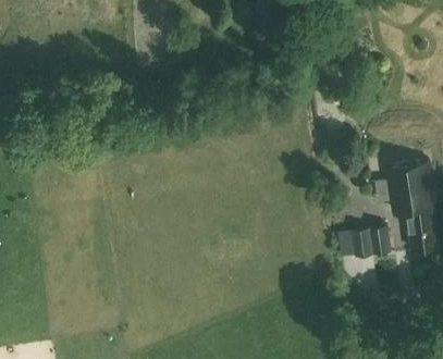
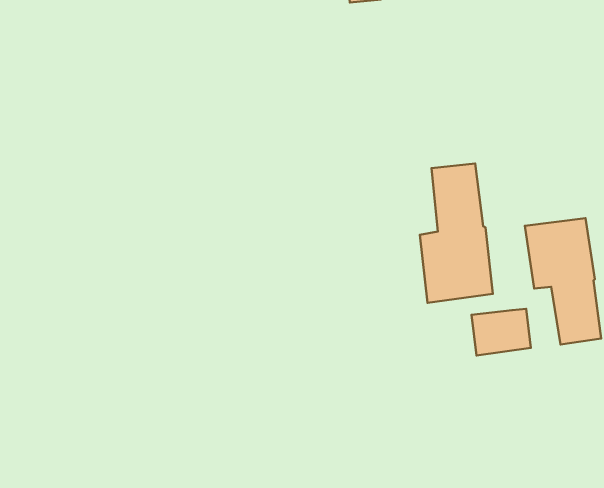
building: none -> [420,163,493,303]

